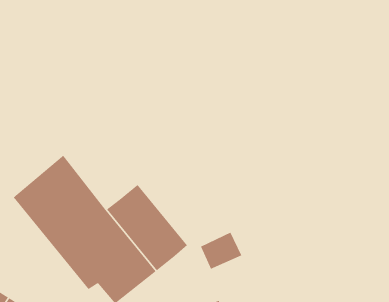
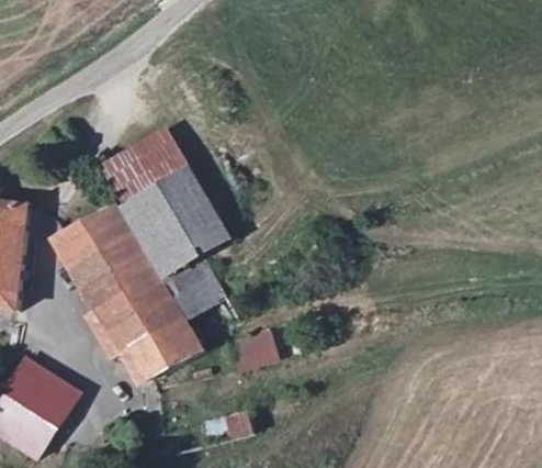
building: none -> [95,123,216,260]

